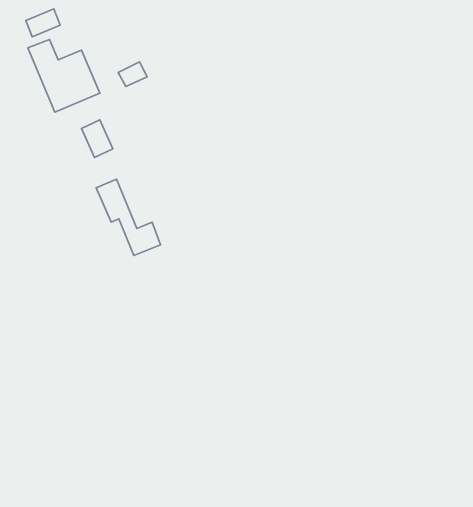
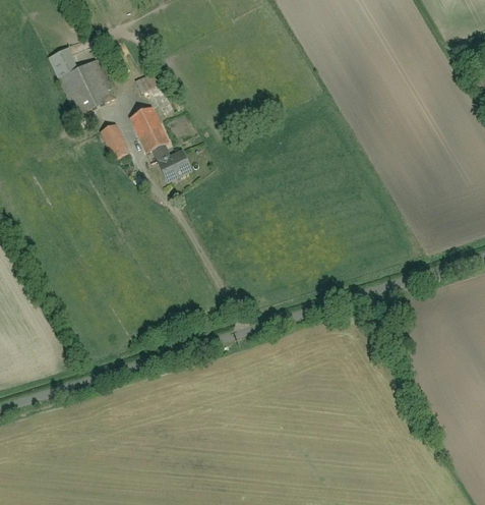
building: [26,9,60,37] -> none
building: [96,179,161,255] -> [131,109,192,181]

